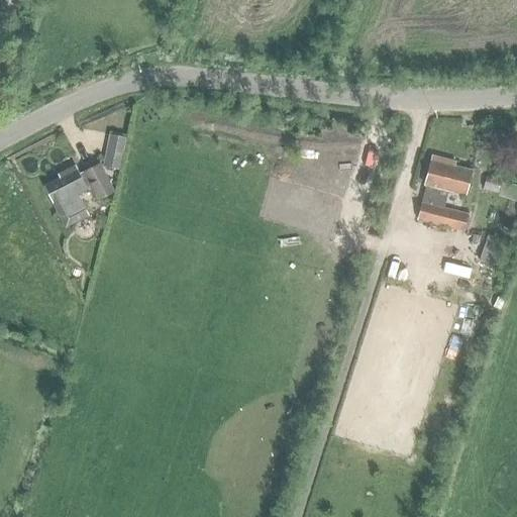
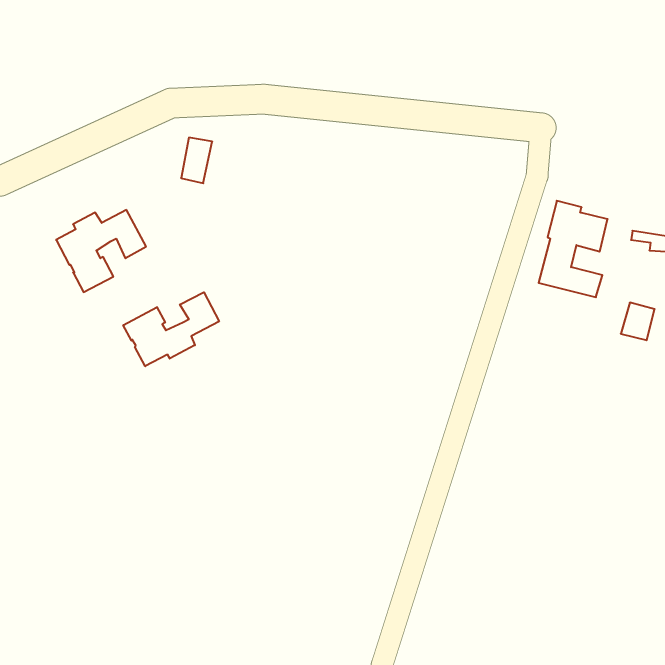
building: [103,133,127,169] -> [181,138,212,183]
building: none -> [123,292,219,366]

